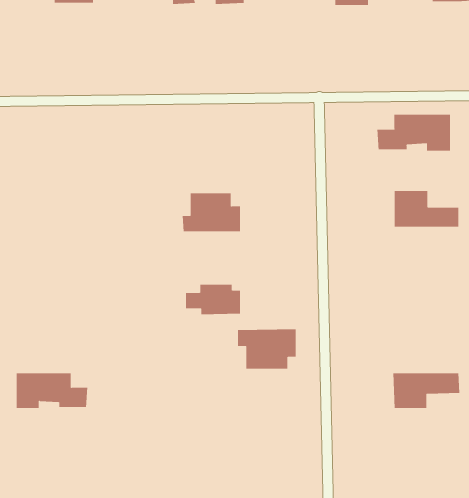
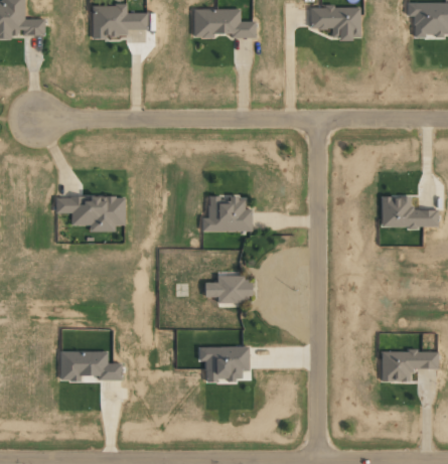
building: [377,114,451,151] -> none
building: none -> [55,195,125,230]
building: [237,329,296,369] -> [198,345,249,379]

